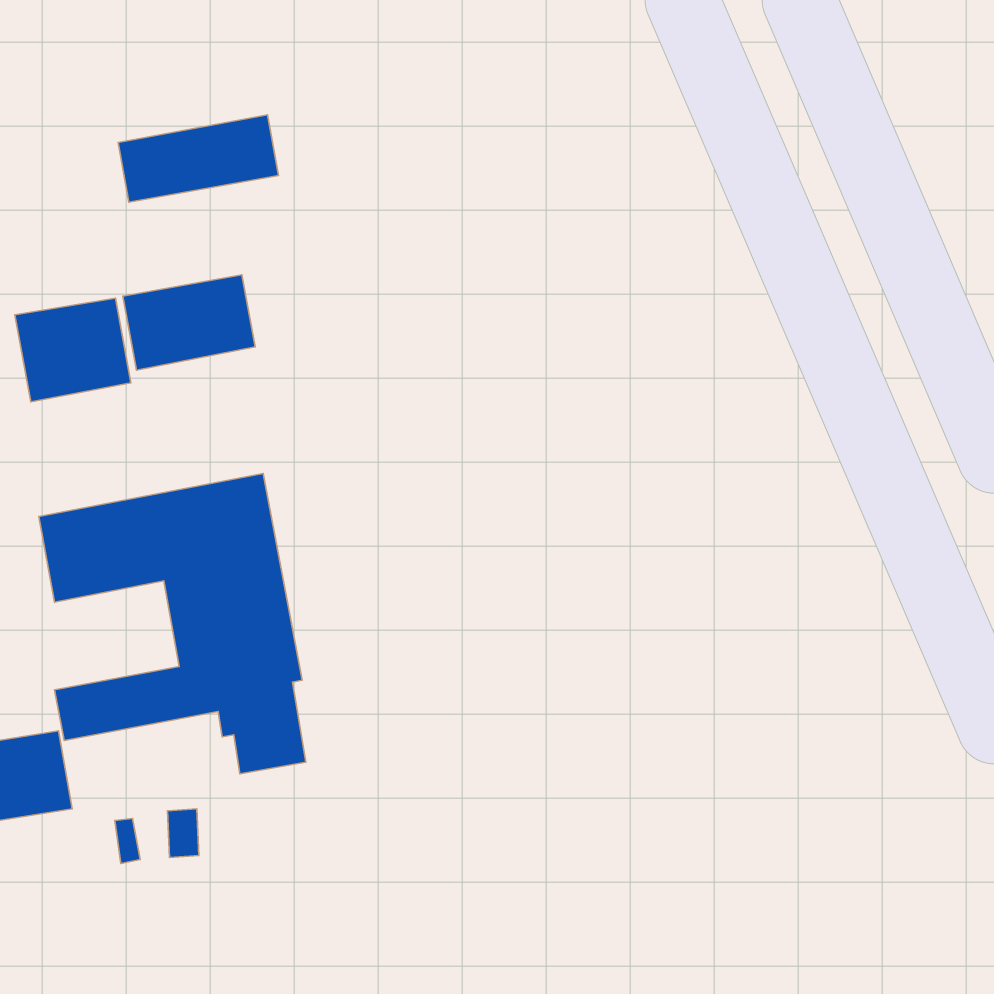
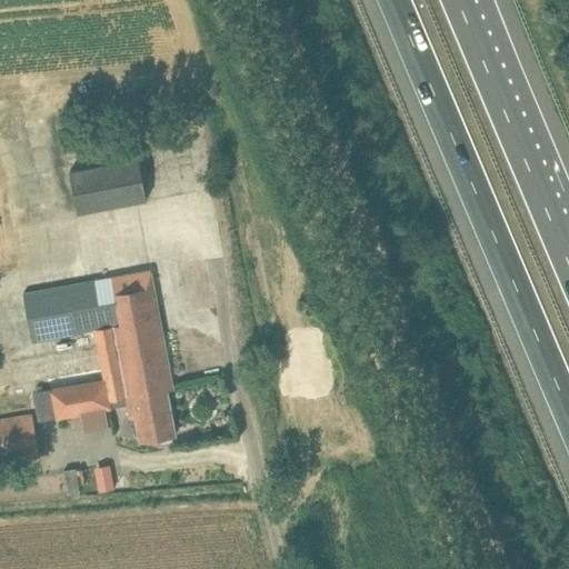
building: [118,115,279,202] -> none
building: [15,298,131,402] -> none

